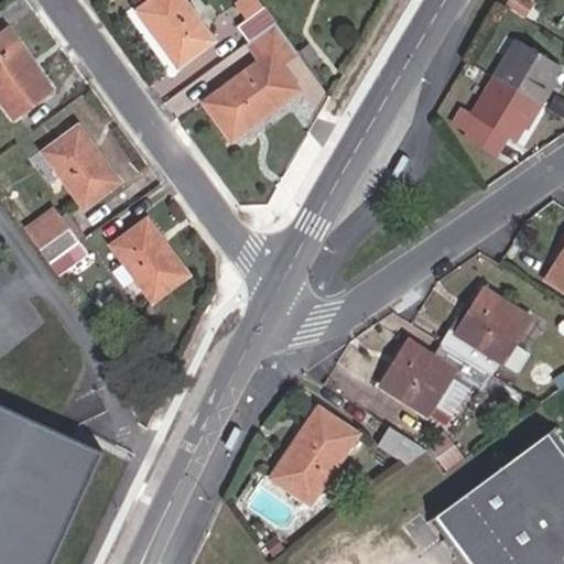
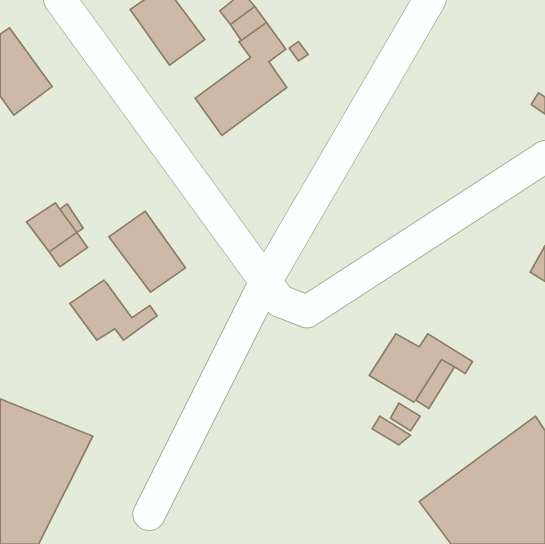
building: [452,40,558,156] -> none
building: [44,126,122,209] -> none
building: none -> [70,280,157,340]
building: [442,291,530,373] -> none
building: [270,408,358,506] -> none

